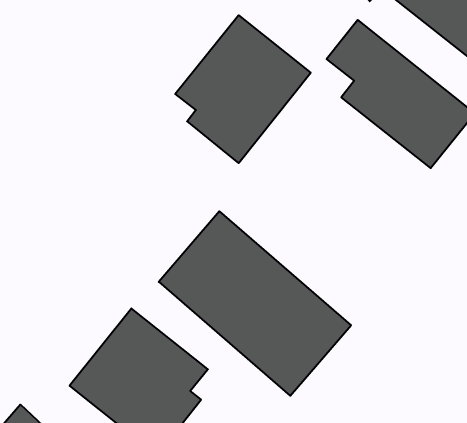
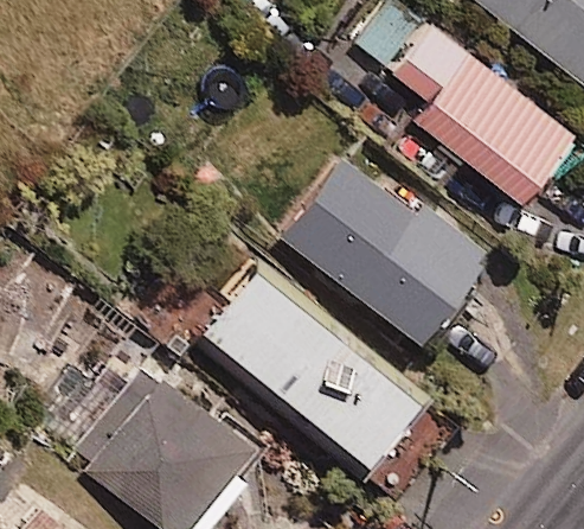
building: [175,15,311,163] -> none
building: none -> [285,161,490,346]

